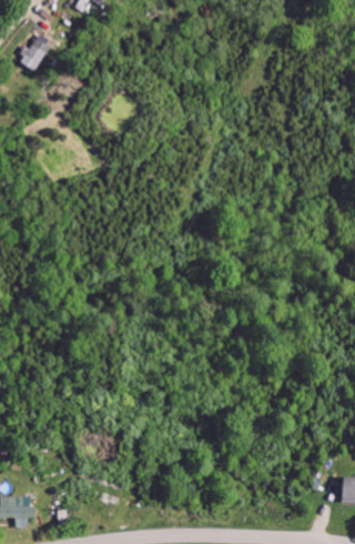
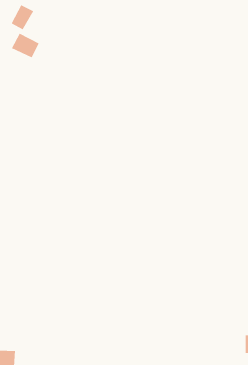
building: none -> [11,33,40,58]

